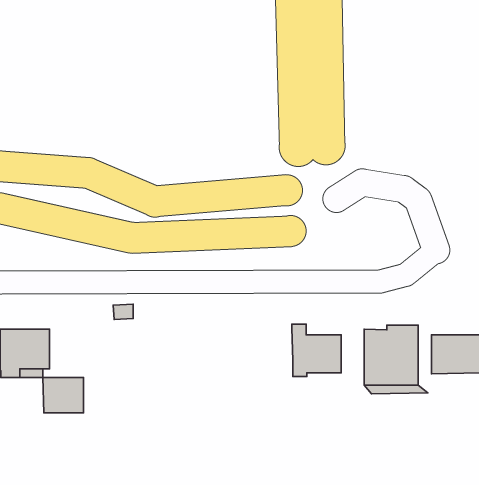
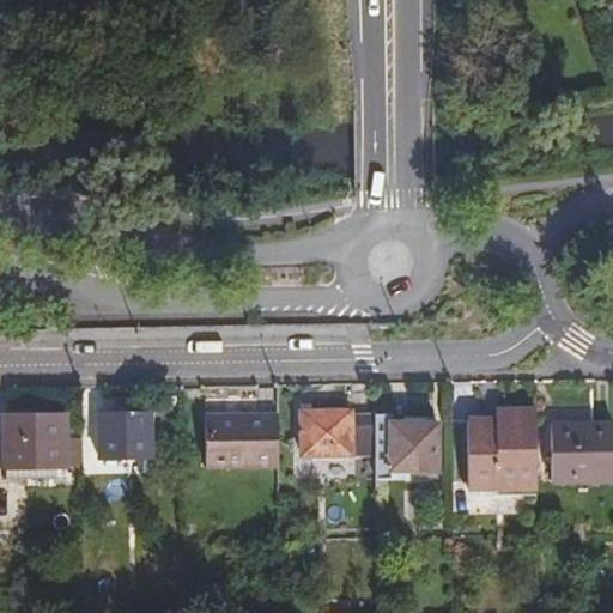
building: none -> [304,409,377,454]
building: none -> [205,411,277,467]
building: [43,378,84,413] -> [102,412,153,456]

